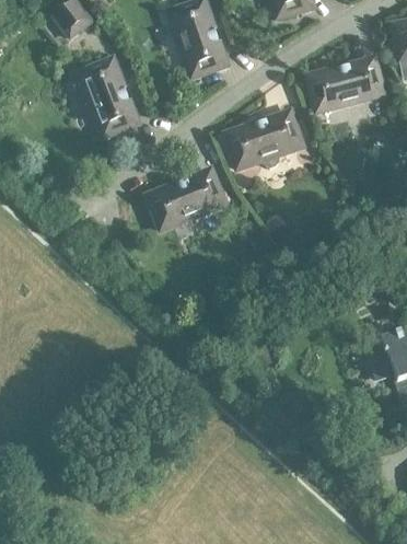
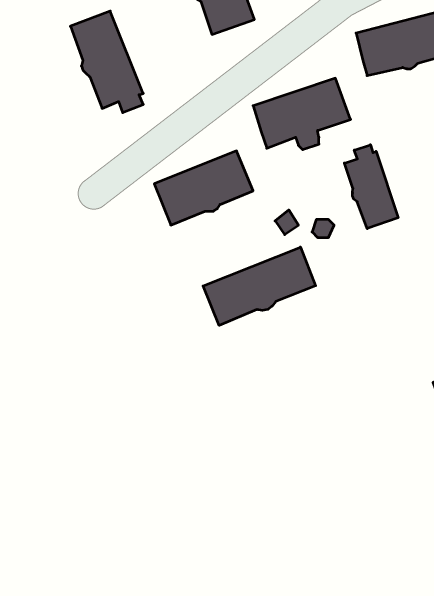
building: none -> [344,145,398,229]
building: none -> [203,247,316,325]

